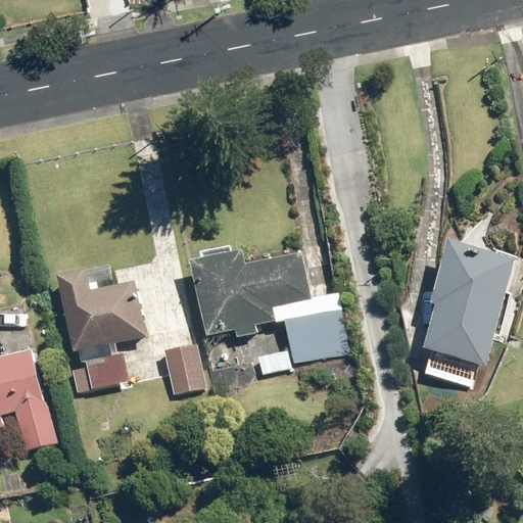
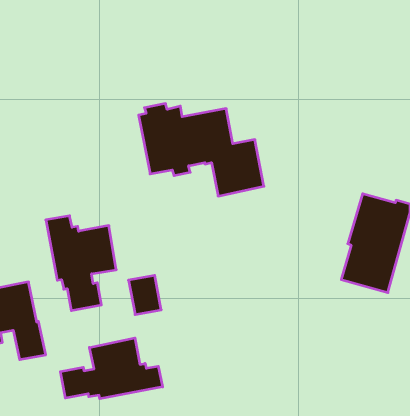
building: [191,247,347,363] -> [139,104,264,196]
building: none -> [60,338,163,399]

